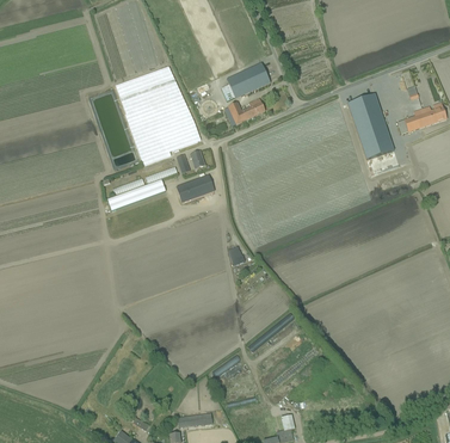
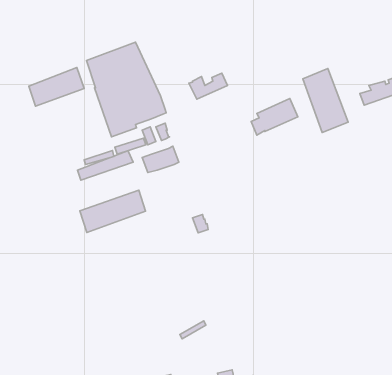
building: [222,63,271,101] -> [251,99,298,135]
building: none -> [29,68,84,106]
building: none -> [80,190,146,233]

